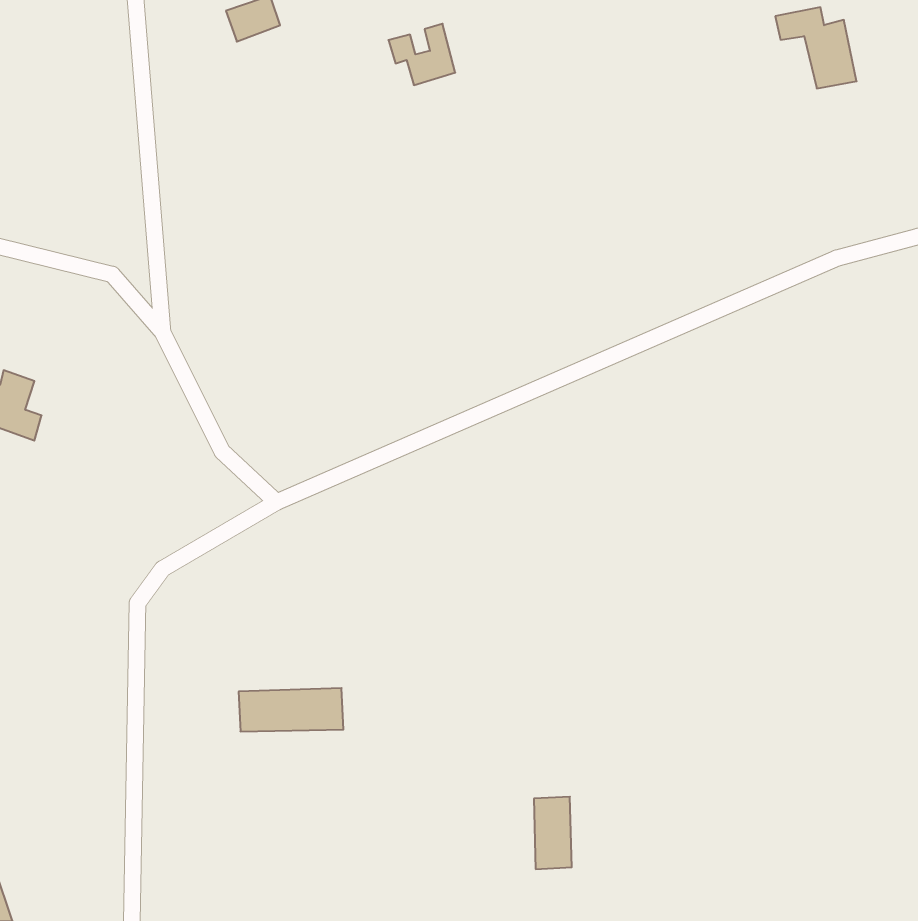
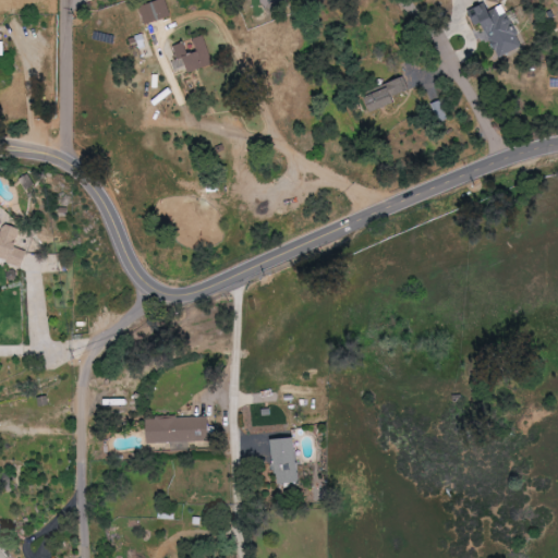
building: [388,24,455,85] -> [171,35,211,72]
building: none -> [363,78,408,111]
building: [534,797,572,869] -> [272,438,295,482]

